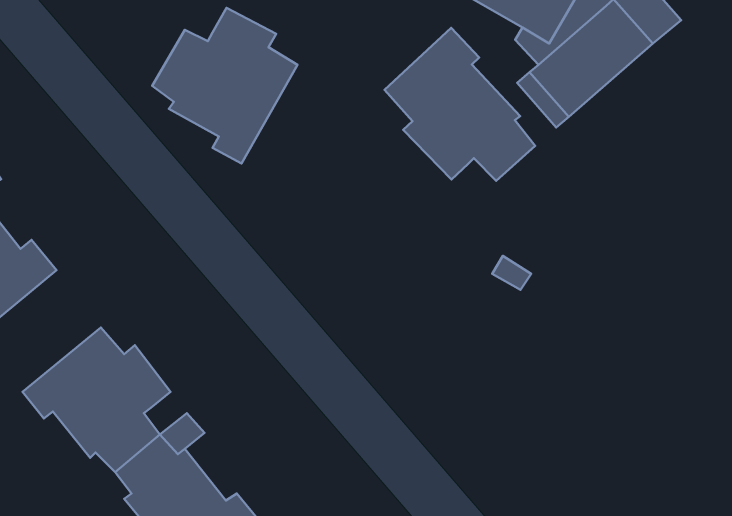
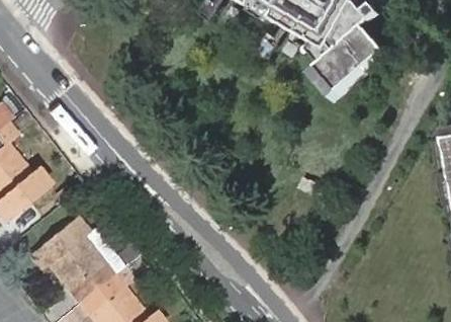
building: [152,8,297,164] -> none
building: [385,28,535,181] -> none

